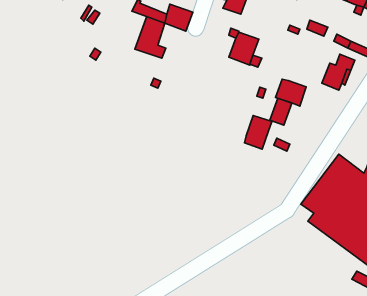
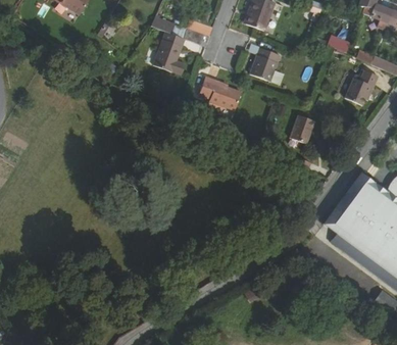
building: none -> [199,76,241,109]
building: [276,79,306,106] -> none
building: [244,115,272,149] -> none

